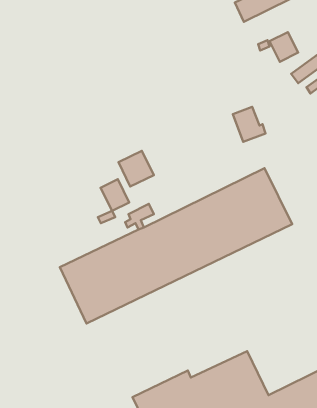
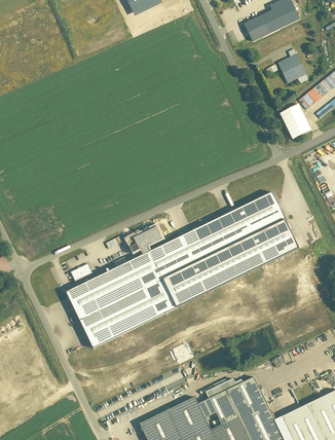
building: [233,107,266,142] -> [277,103,310,138]
building: [118,151,154,187] -> none
building: [100,179,129,211] -> none

